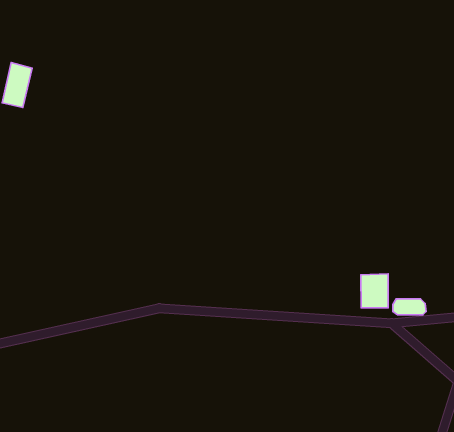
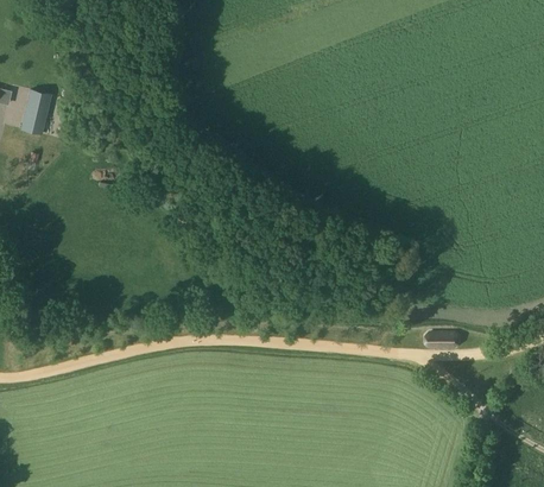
building: [361,274,388,308] -> none

